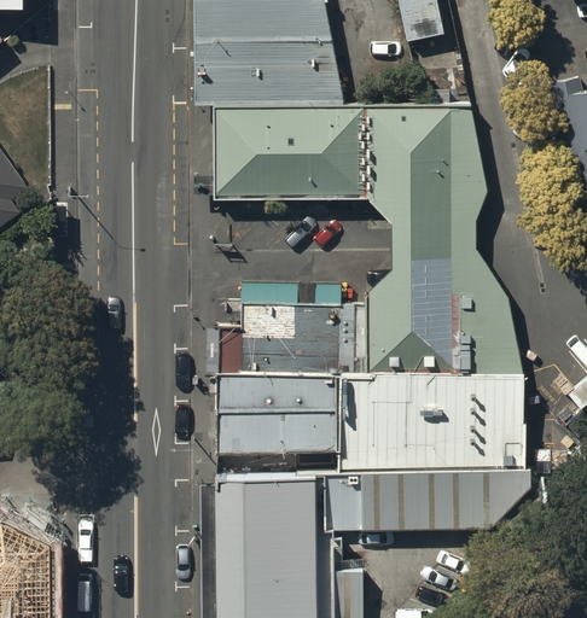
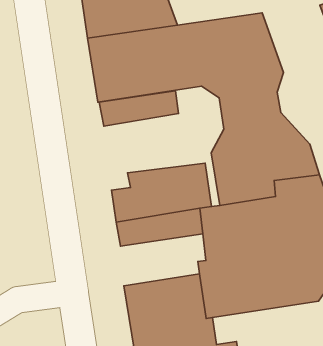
building: none -> [99,91,179,126]
building: [216,409,337,449] -> none

